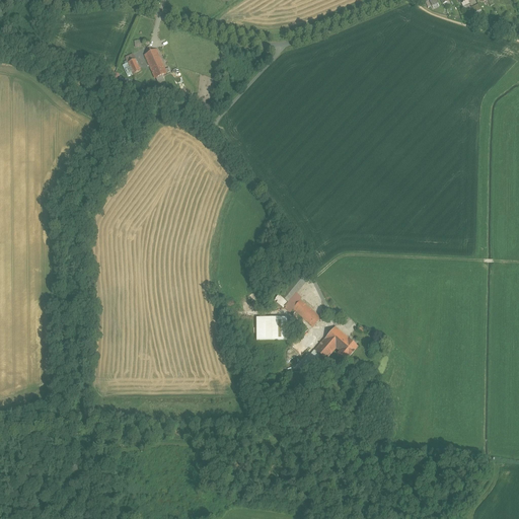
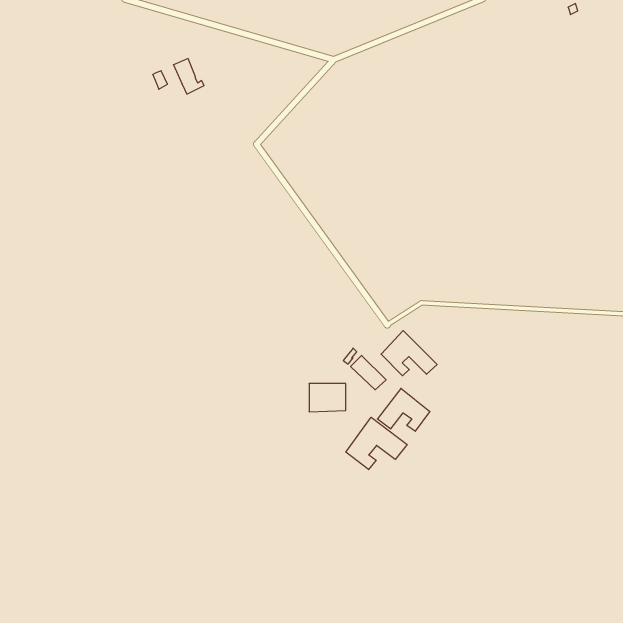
building: none -> [381,331,437,376]
building: none -> [346,417,407,470]

